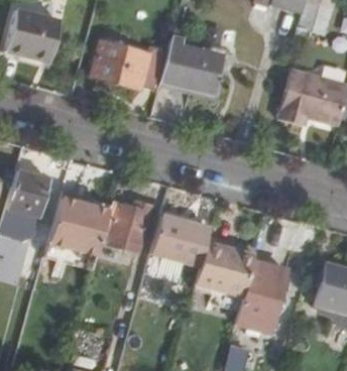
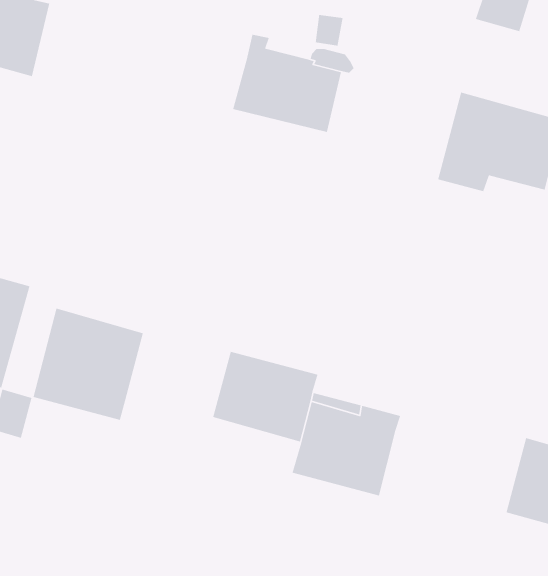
building: [93,43,170,91] -> none
building: [103,202,152,253] -> none
building: [237,261,287,334] -> none

